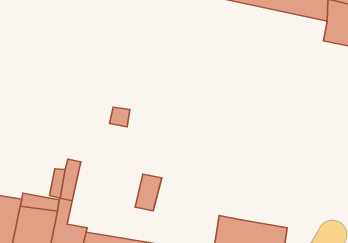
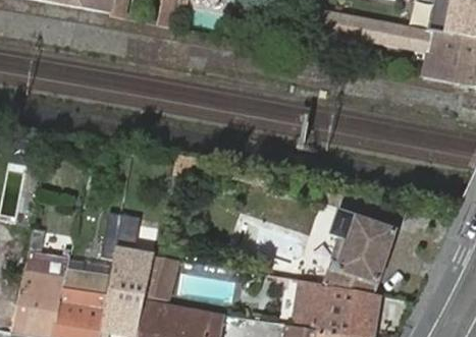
building: none -> [327,209,395,294]
building: [135,174,162,211] -> [148,255,179,297]

